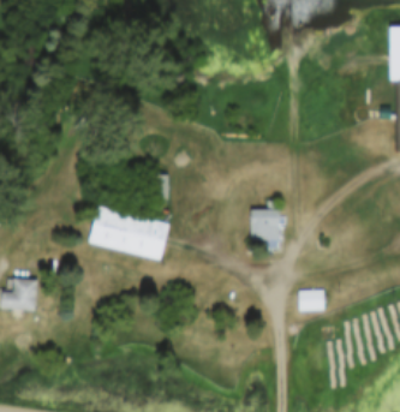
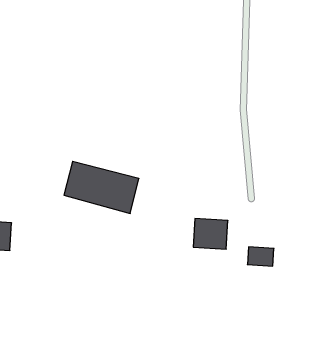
building: [246,210,282,241] -> [193,219,228,249]

